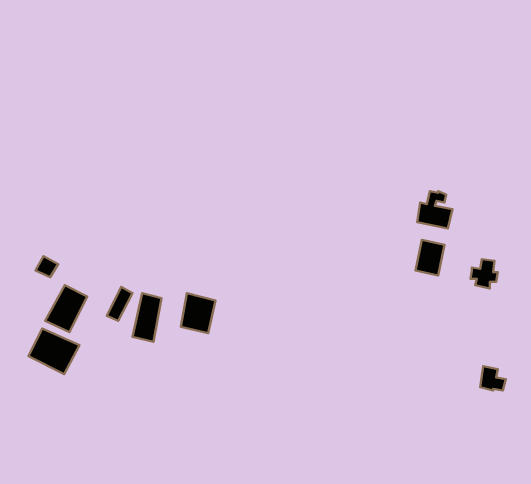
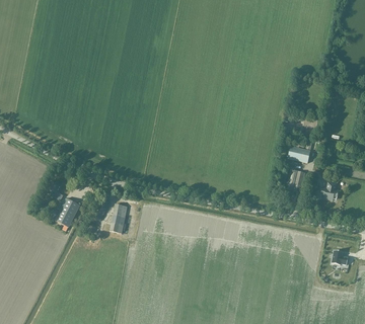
building: [181,293,215,333] -> none
building: [28,329,79,374] -> none

